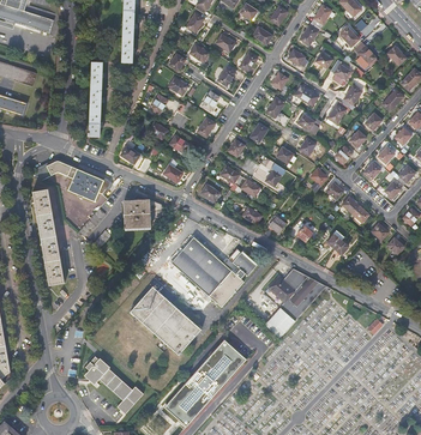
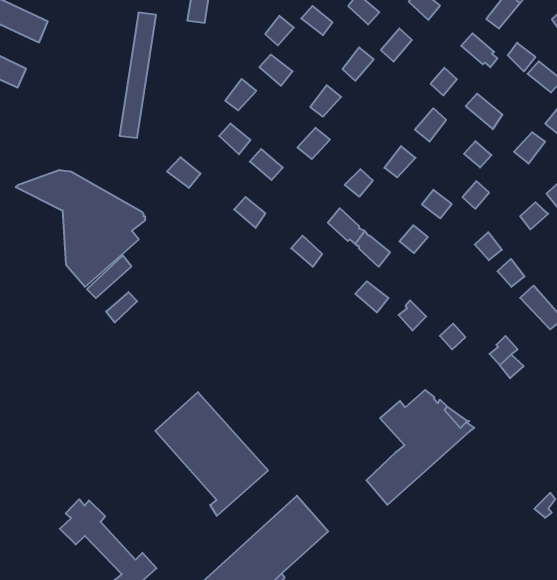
building: [31,189,64,285] -> none
building: [125,193,160,226] -> none
building: [170,236,258,307] -> none

